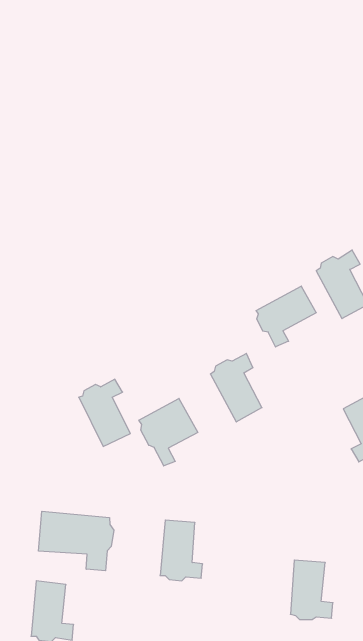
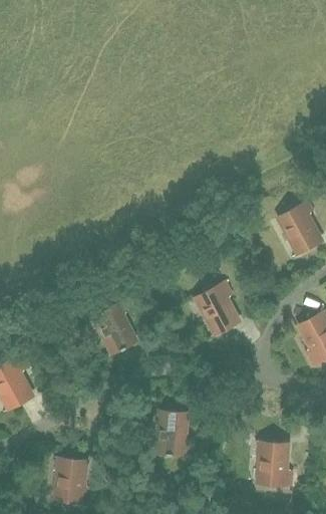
building: [256,286,316,347] -> none
building: [139,398,198,466] -> none
building: [39,511,114,571] -> none

